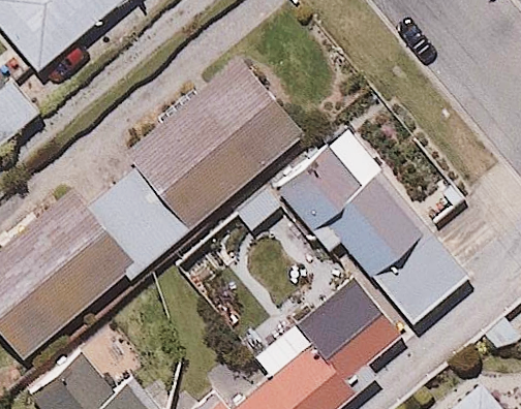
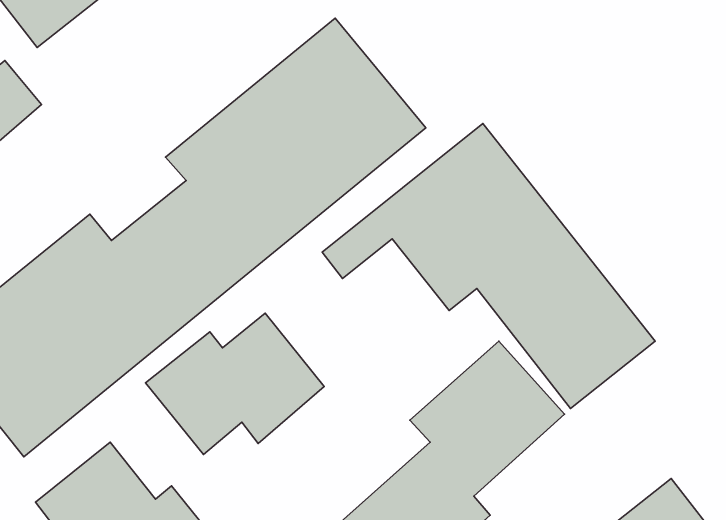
building: none -> [146,313,324,455]

